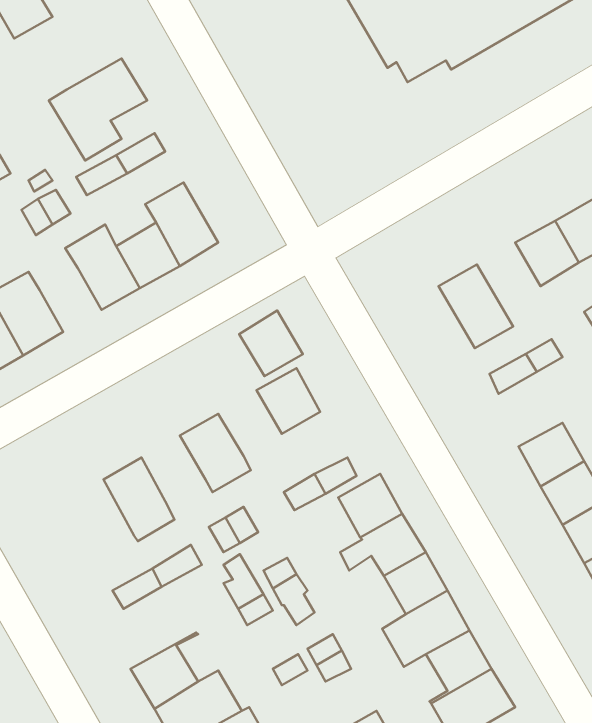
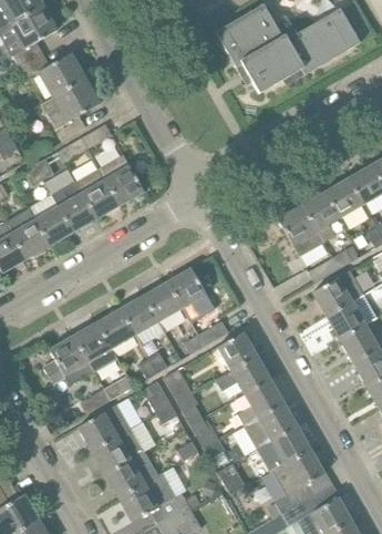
building: none -> [20,53,85,97]
building: none -> [301,191,340,242]
building: none -> [35,206,73,245]
building: [239,311,303,376] -> [144,280,183,320]
building: none -> [312,270,364,315]
building: none -> [97,308,136,348]
building: none -> [44,335,93,382]
building: none -> [78,403,131,450]

